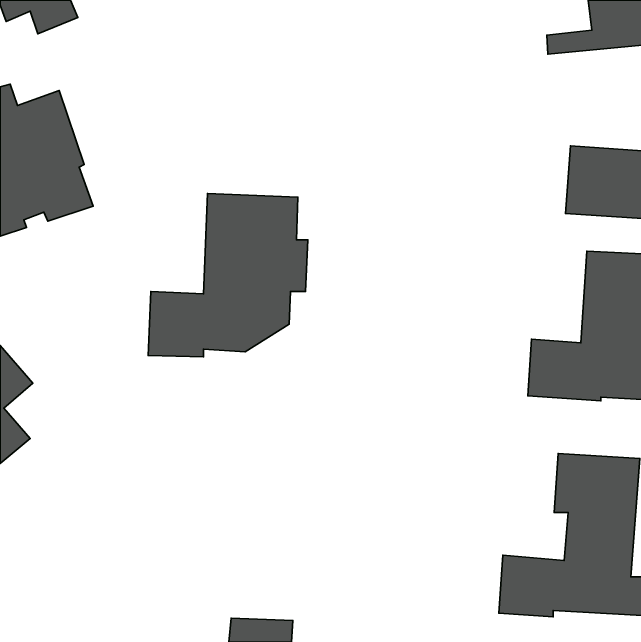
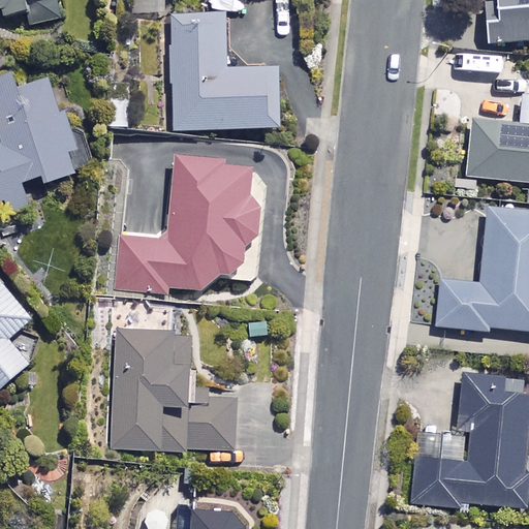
building: none -> [173,13,276,129]
building: none -> [113,330,235,450]

